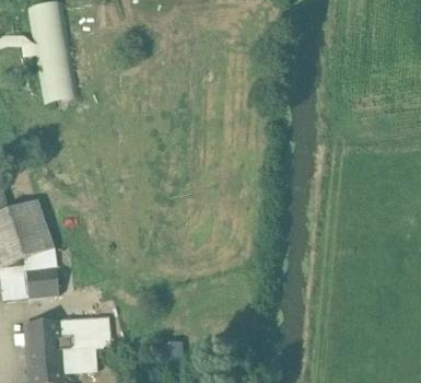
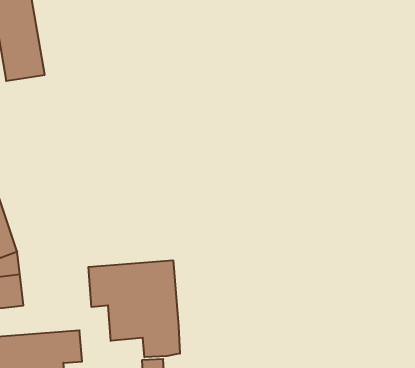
building: none -> [88,260,180,357]

